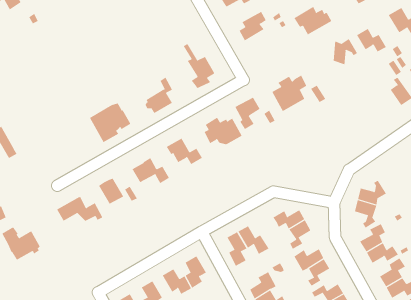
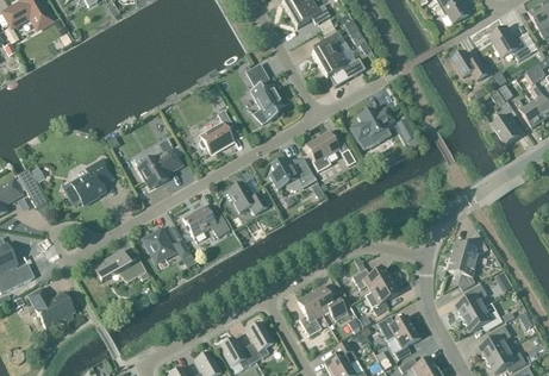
building: [293,6,332,35] -> [318,51,364,86]
building: [333,38,358,65] -> none
building: none -> [61,157,113,205]

